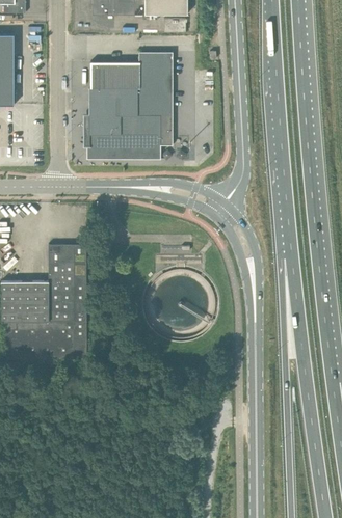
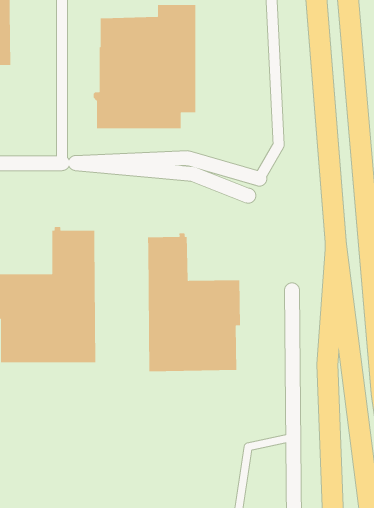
building: none -> [147,232,241,372]

